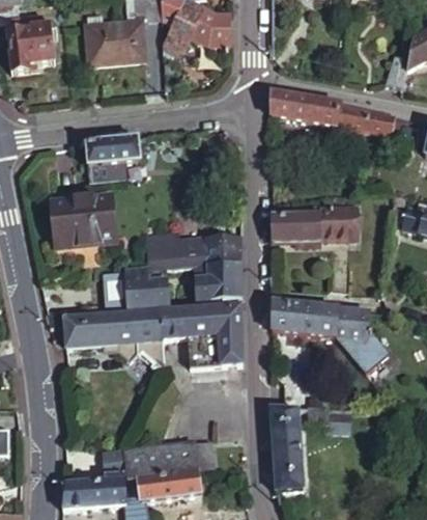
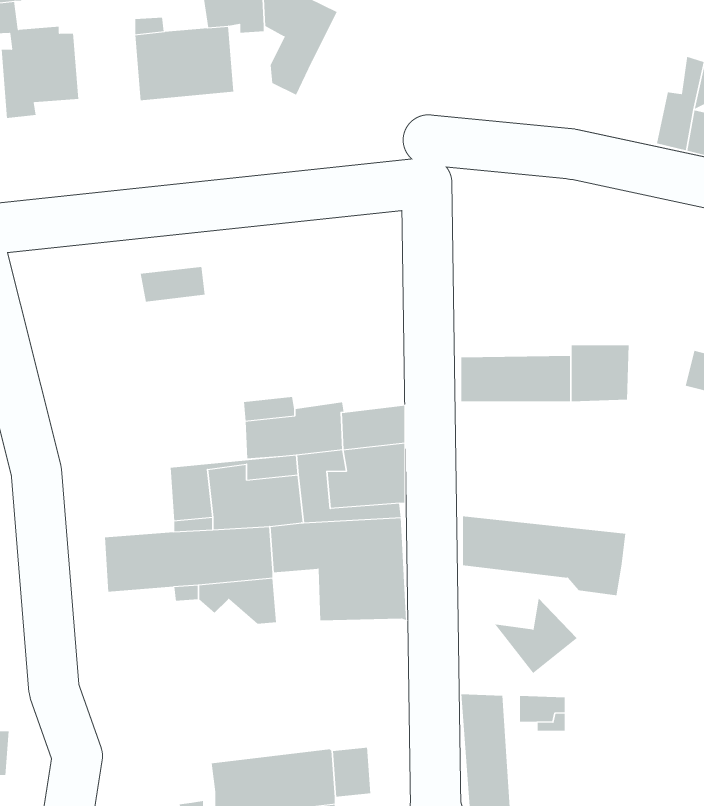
building: [187,8,227,47] -> none
building: [272,91,397,136] -> none
building: [84,134,139,161] -> none
building: [58,195,117,247] -> none
building: [341,330,390,375] -> [494,597,577,674]

